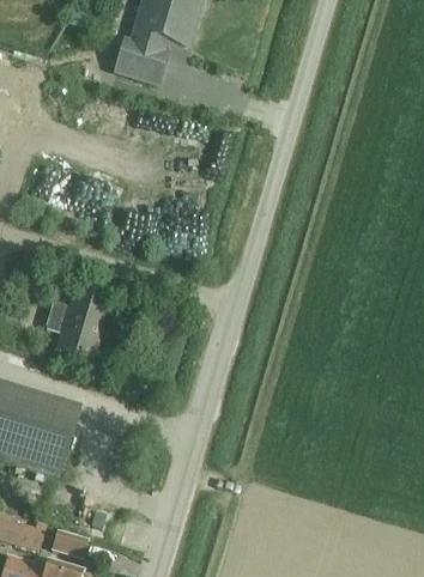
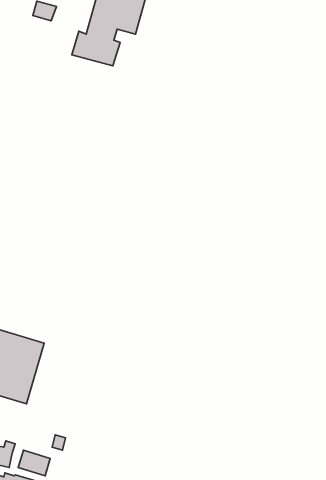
building: [44,290,110,360] -> none

